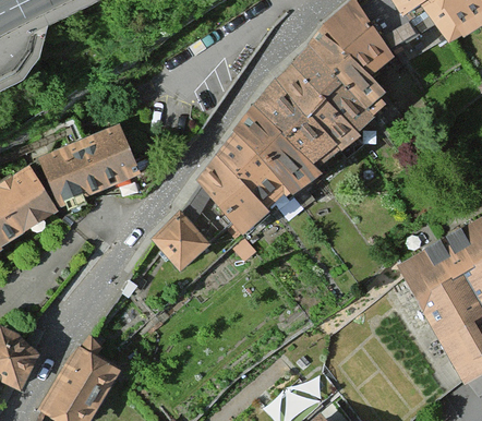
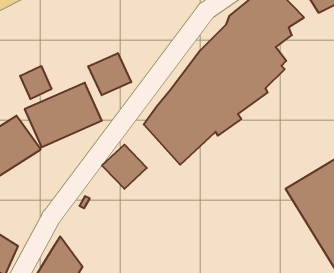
building: none -> [88,53,131,95]
building: none -> [20,66,51,99]

